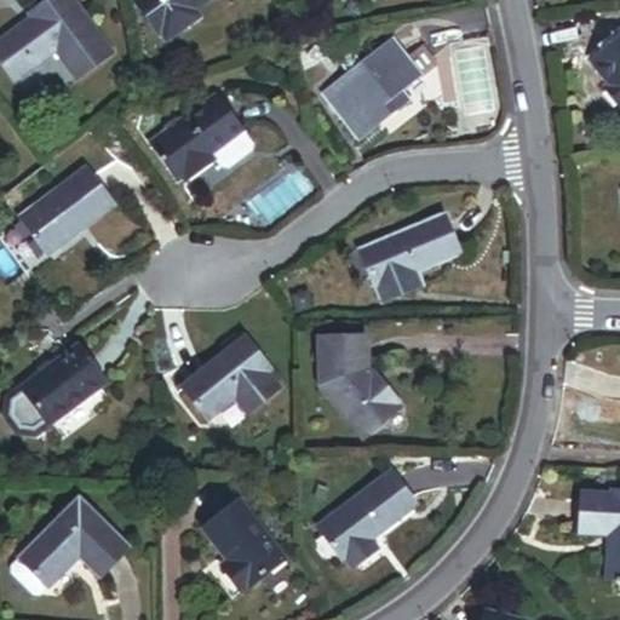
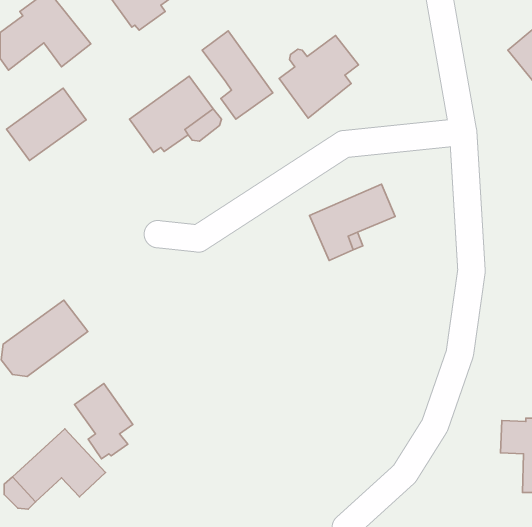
building: none -> [202,31,273,119]
building: [18,167,110,251] -> [7,88,86,160]
building: [320,334,401,437] -> none
building: [184,339,279,419] -> none
building: [317,471,414,564] -> none
building: [205,501,272,589] -> [74,384,133,459]

